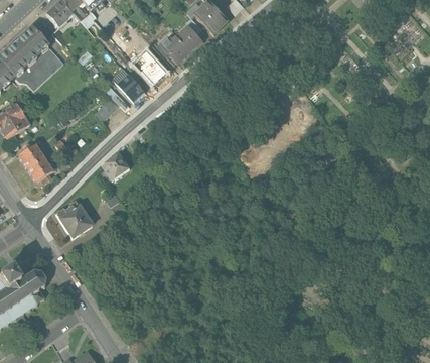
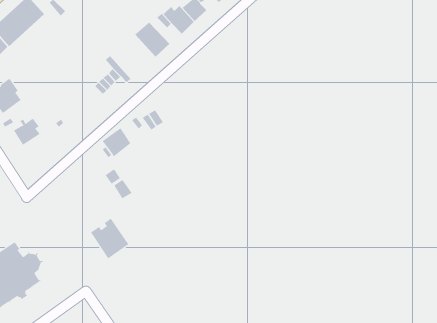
building: [13,44,62,90] -> none
building: [118,74,145,102] -> none
building: [26,158,54,183] -> none
building: [53,200,91,239] -> [90,218,129,259]

